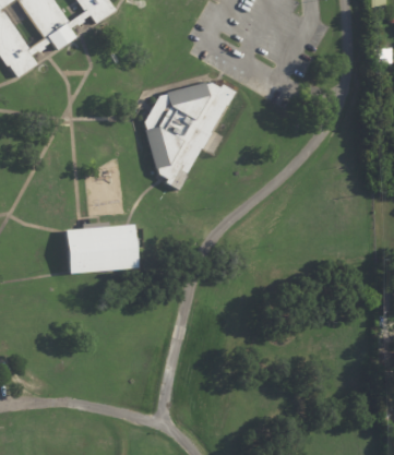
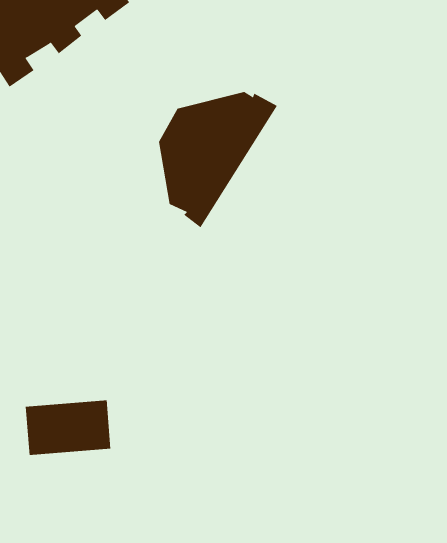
building: [63,223,134,268] -> [25,400,111,456]

